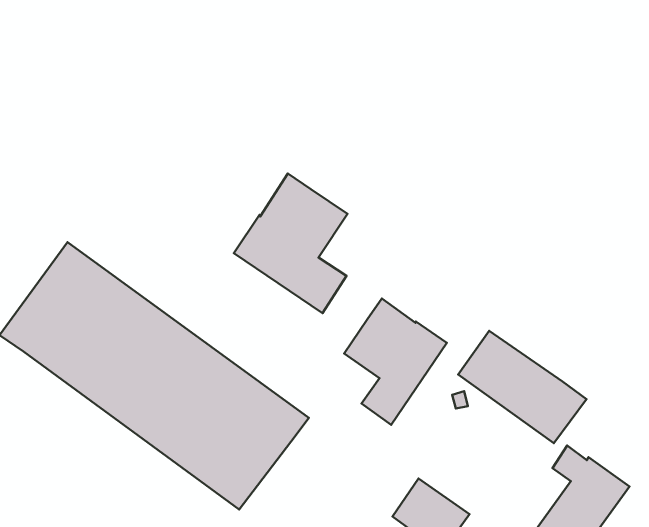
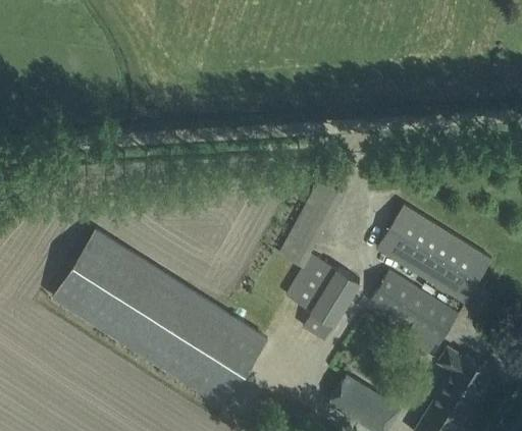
building: [234,174,347,313] -> none
building: none -> [376,205,491,303]

